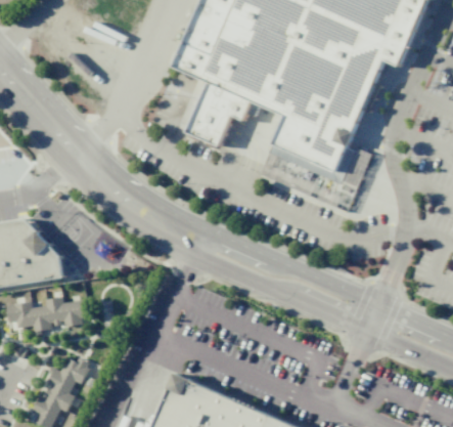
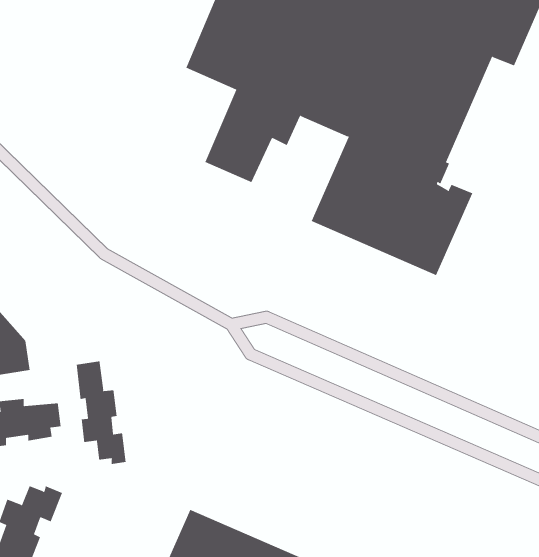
building: none -> [76,361,126,465]

